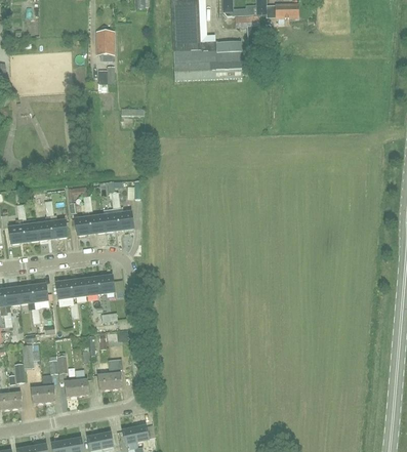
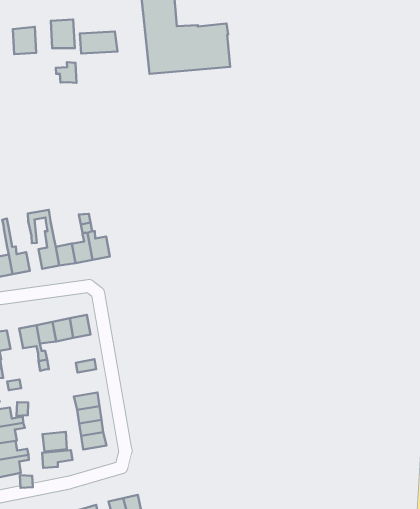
building: none -> [13,27,36,54]
building: none -> [80,32,117,53]

